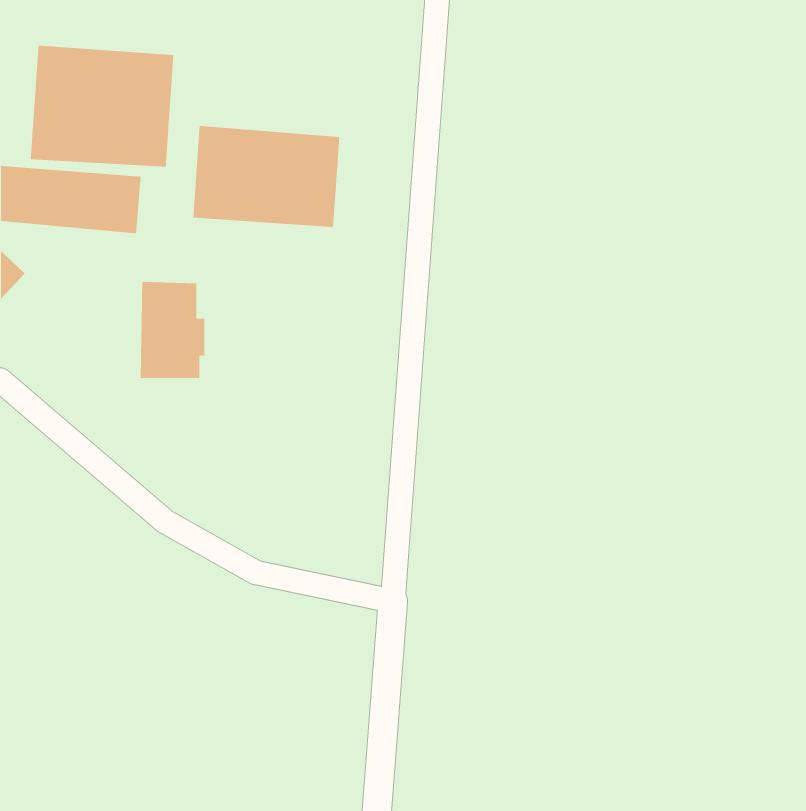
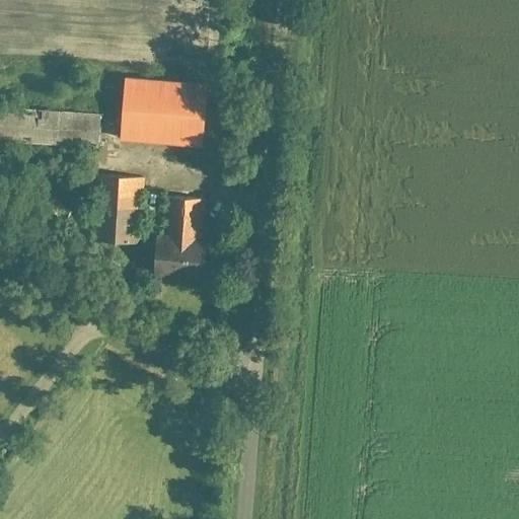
building: [30,45,174,167] -> none
building: none -> [151,197,204,279]

